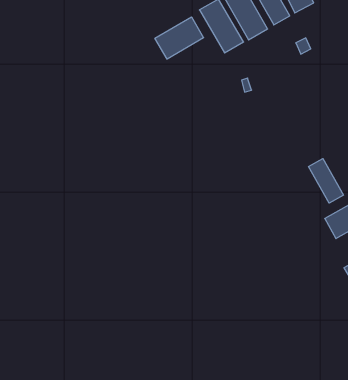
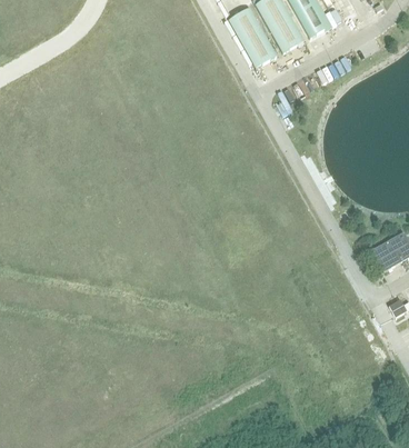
building: [155,17,204,59] -> none
building: [309,159,343,203] -> none

